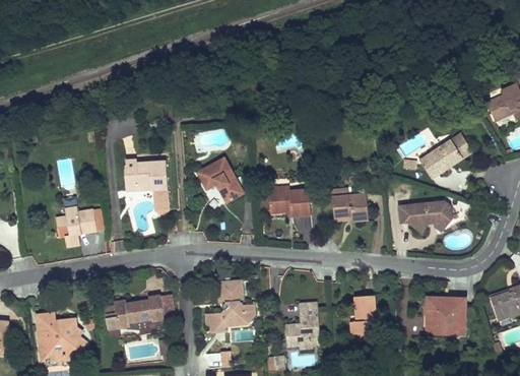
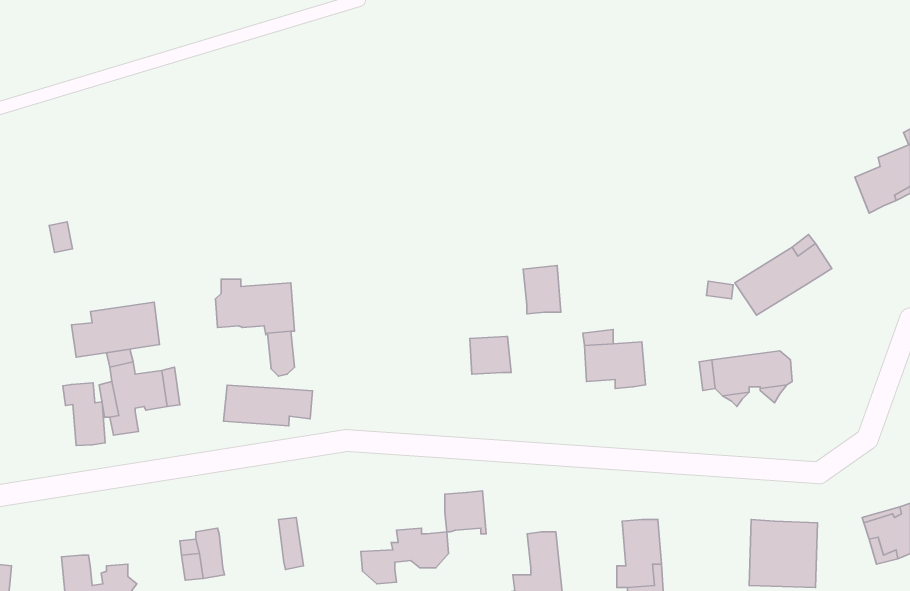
building: [198,159,244,204] -> none
building: none -> [72,302,159,357]
building: [288,190,310,217] -> [523,266,561,314]
building: none -> [63,383,105,446]
building: none -> [224,385,313,426]
building: [219,279,243,304] -> [445,491,486,534]
building: [125,296,161,323] -> none

